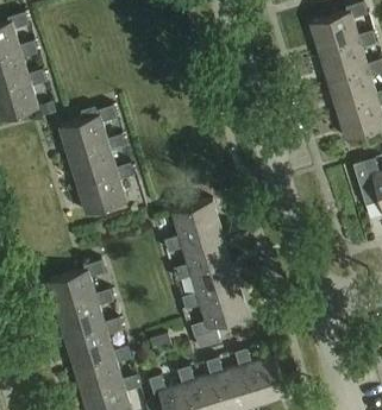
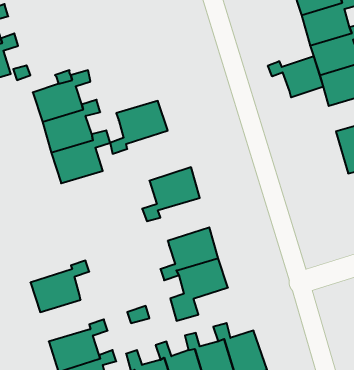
building: none -> [268,56,323,97]
building: [174,229,230,280] -> [110,101,168,154]
building: [48,261,104,311] -> none
building: [65,318,121,368] -> none

